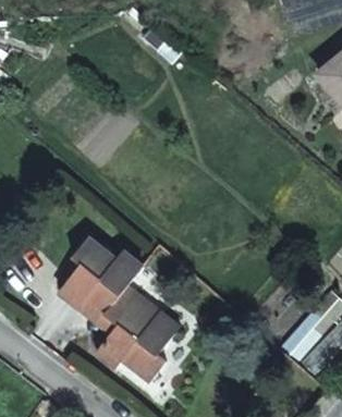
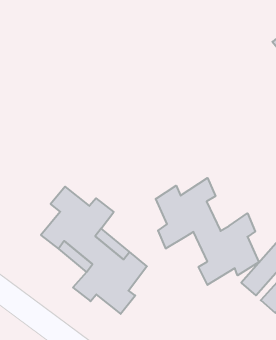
building: none -> [156,178,259,285]

